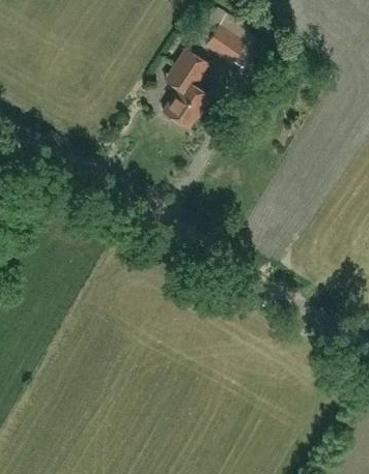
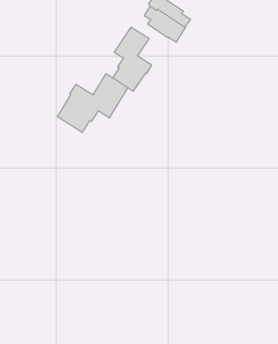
building: none -> [58,74,128,133]

